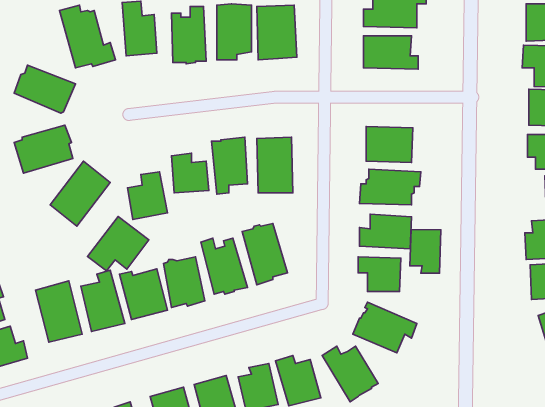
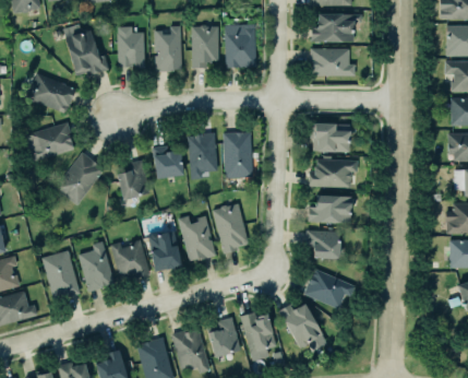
building: [88,216,149,271] -> none
building: [410,230,441,273] -> none

